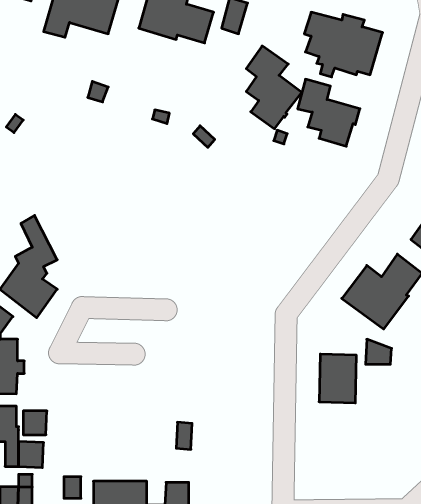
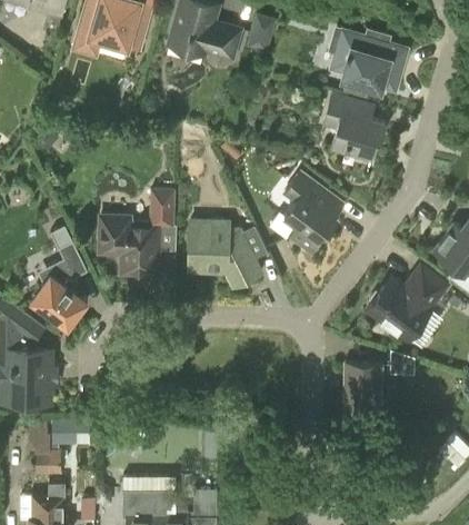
building: [246,46,302,129] -> [285,172,339,254]
building: none -> [99,191,173,276]
building: none -> [189,219,269,288]

